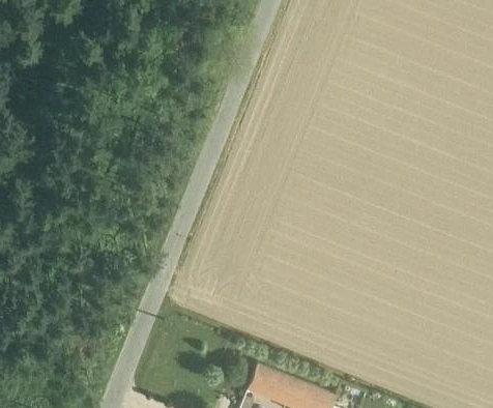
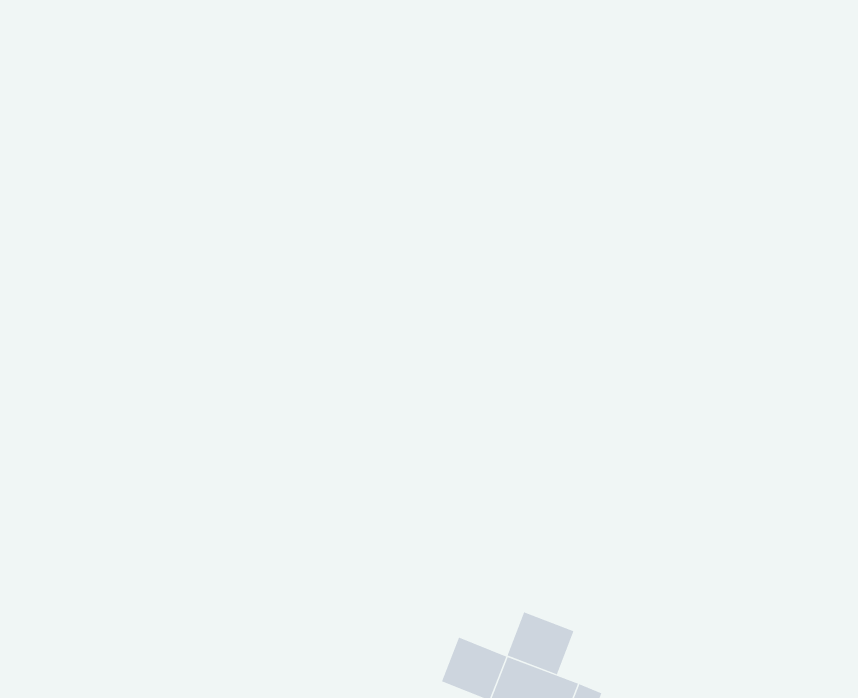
building: none -> [507,611,574,675]

